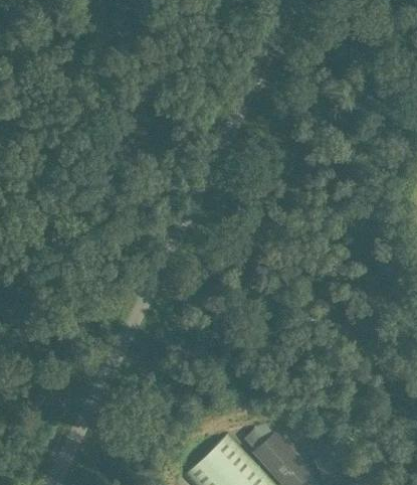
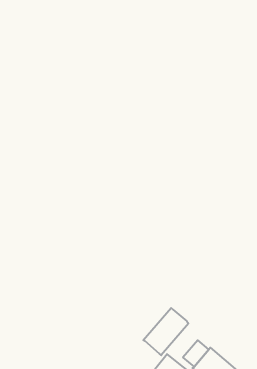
building: none -> [143,308,188,355]

